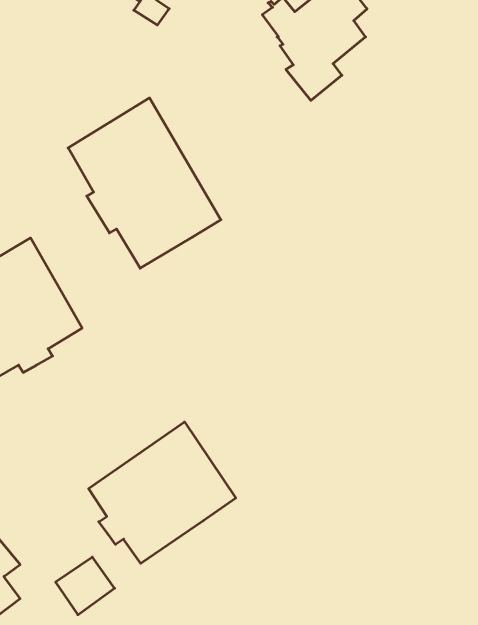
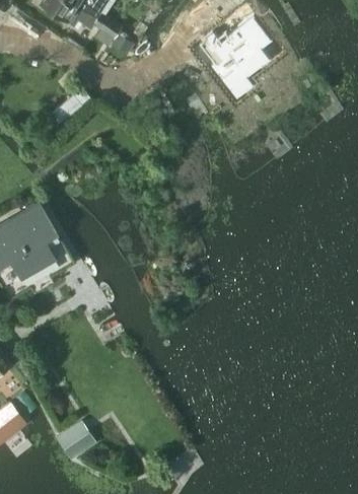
building: [68,98,221,268] -> none
building: [89,422,236,563] -> none

